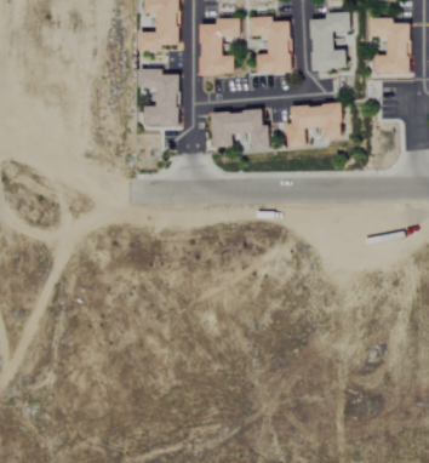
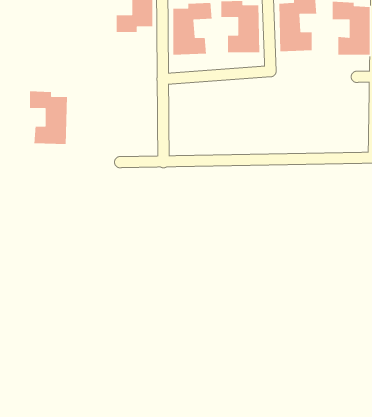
building: [137,69,178,127] -> [29,91,68,145]
building: [286,102,343,145] -> none
building: [211,108,269,149] -> none

